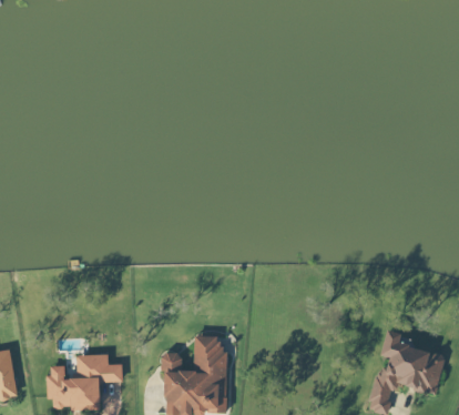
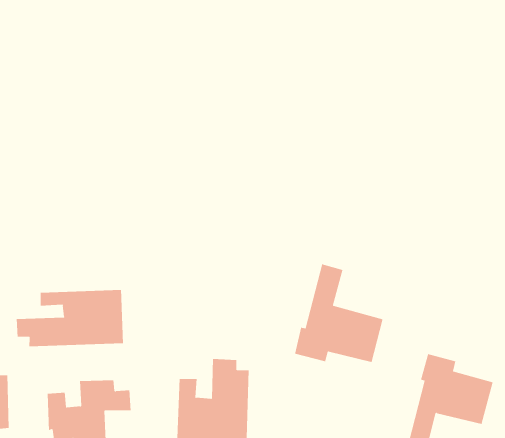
building: none -> [294,264,383,363]
building: none -> [16,289,124,347]

